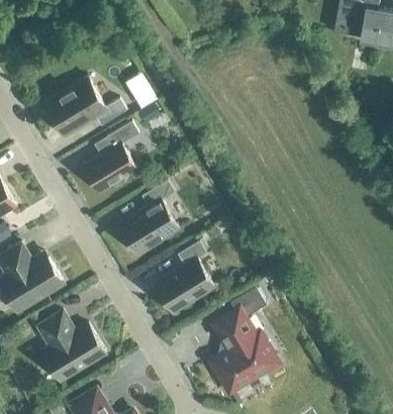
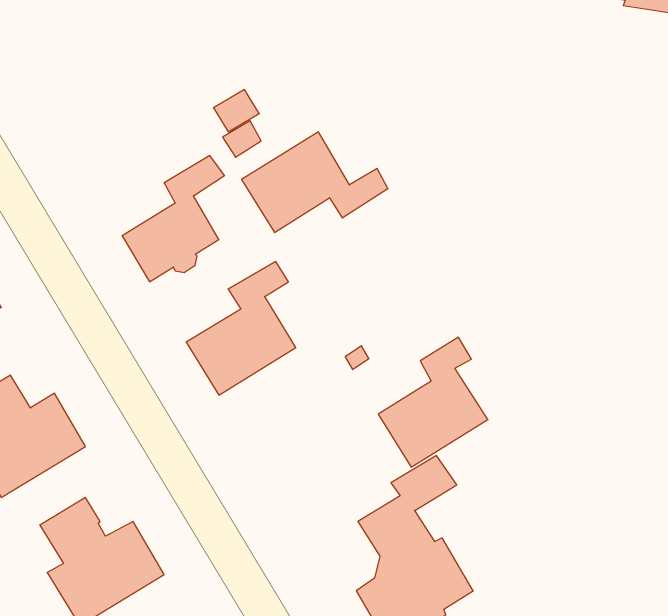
building: [45,79,126,134] -> [242,132,388,233]
building: [155,241,215,313] -> [378,337,488,467]

